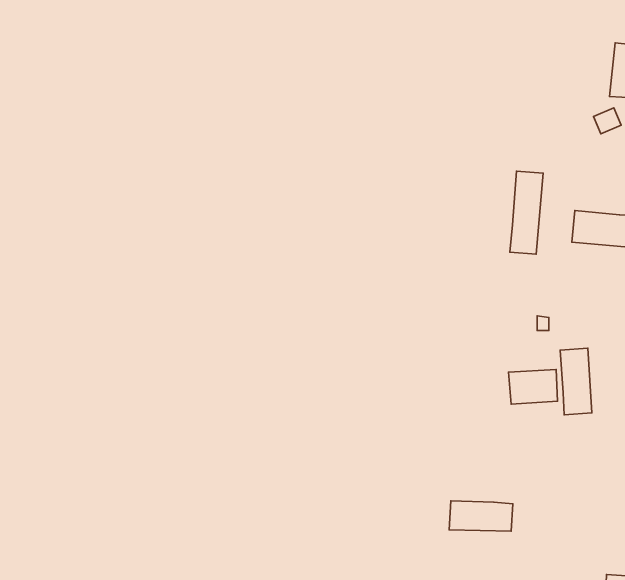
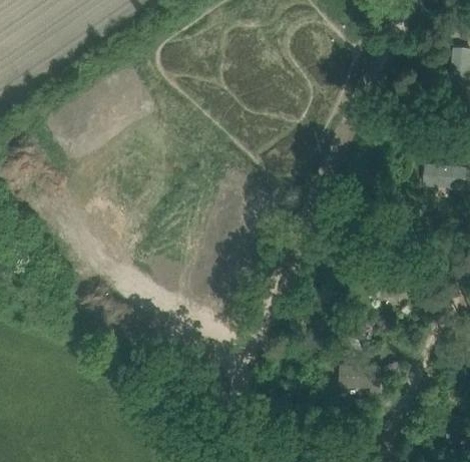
building: [510,171,543,254] -> none
building: [560,348,592,415] -> none

